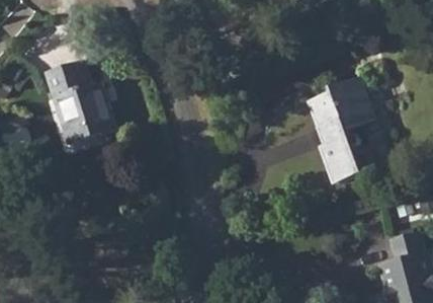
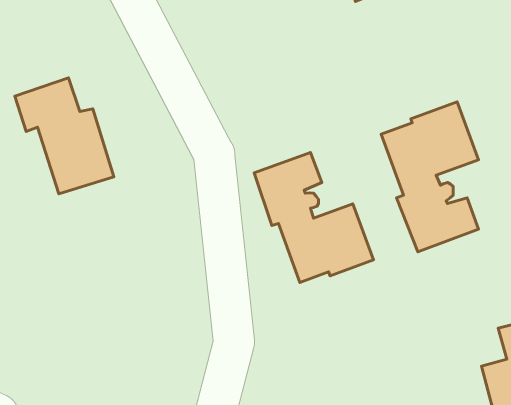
building: none -> [254,152,373,282]

